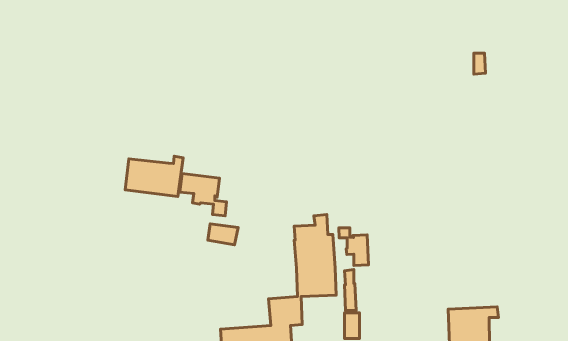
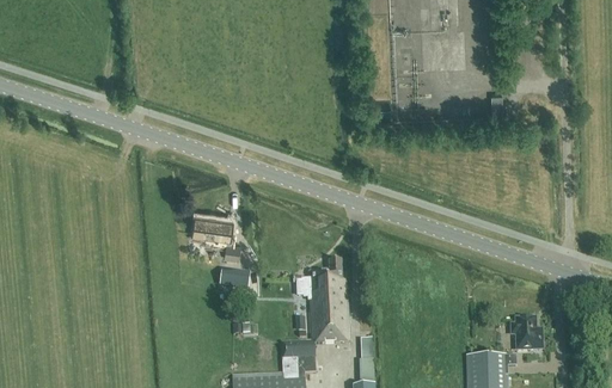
building: [125,156,183,197] -> none
building: [339,228,368,265] -> none
building: none -> [512,316,541,347]

